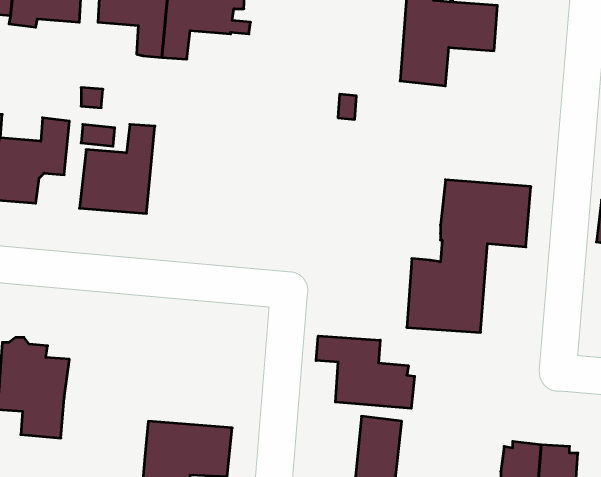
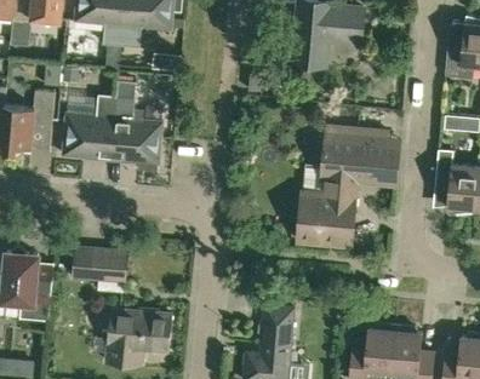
building: none -> [110,80,162,171]
building: none -> [73,247,128,281]
building: [316,336,415,408] -> none

